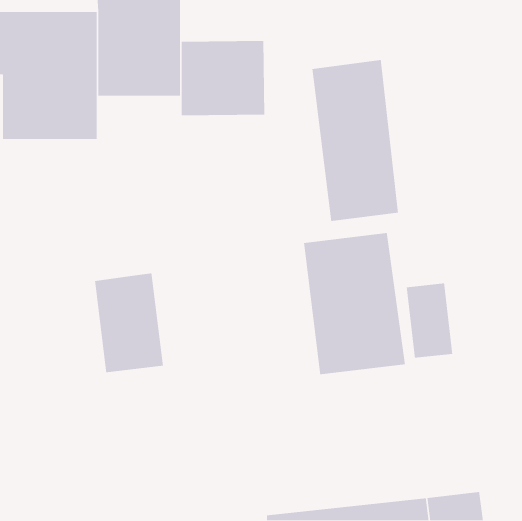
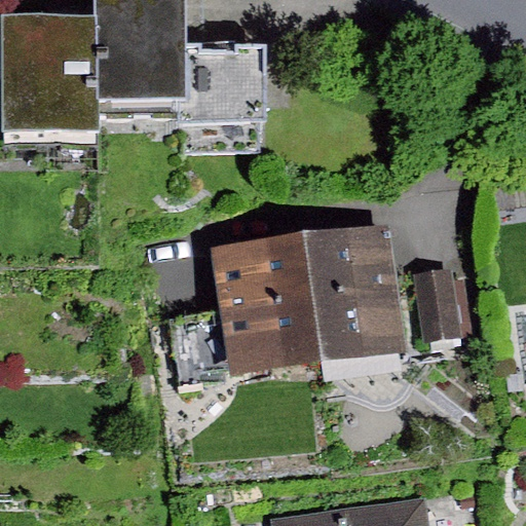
building: [312,59,399,222] -> none
building: none -> [212,242,320,386]
building: [94,272,164,373] -> none

